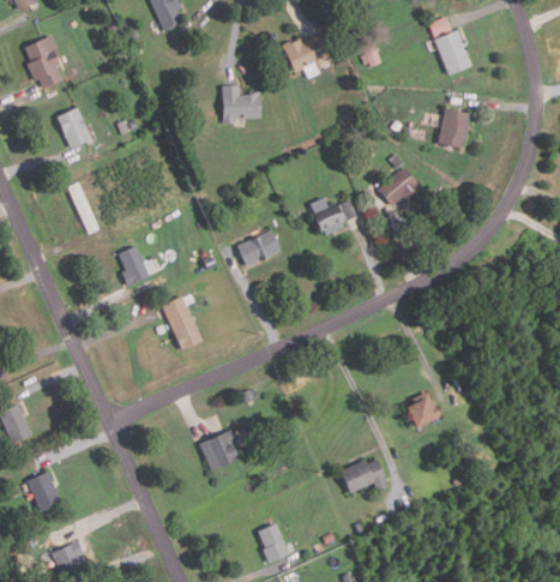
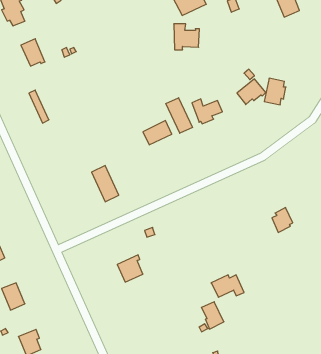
building: [222,85,260,124] -> [174,24,199,50]
building: [438,108,470,148] -> [264,78,286,105]
building: none -> [166,98,192,133]
building: [118,246,149,286] -> none
building: [407,391,438,428] -> [272,208,293,232]
building: [258,523,291,564] -> [201,302,224,329]

